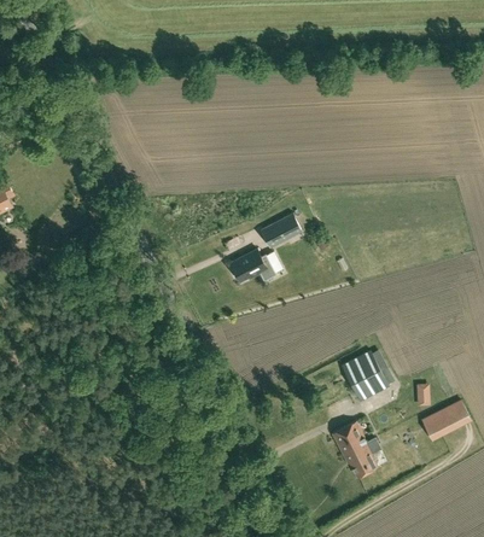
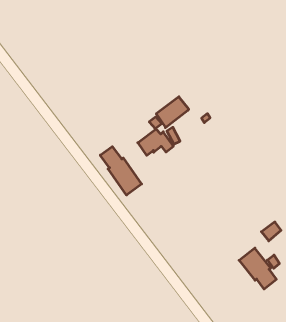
building: none -> [100,147,142,195]
building: [340,351,387,401] -> none

